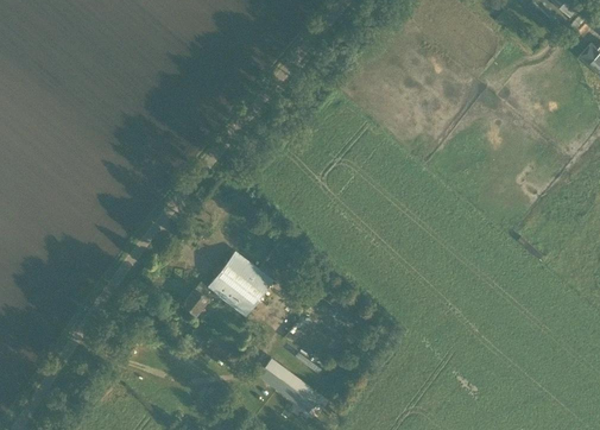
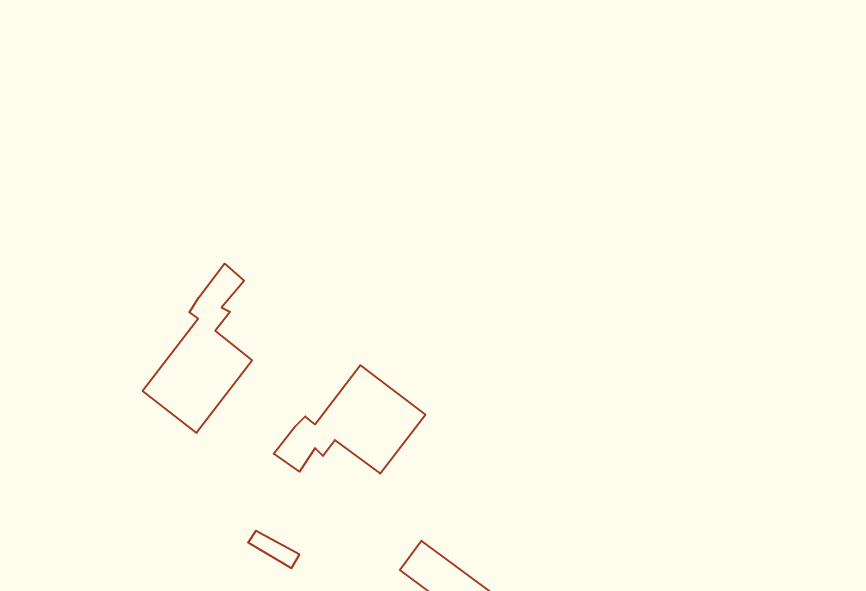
building: none -> [143,264,252,433]

